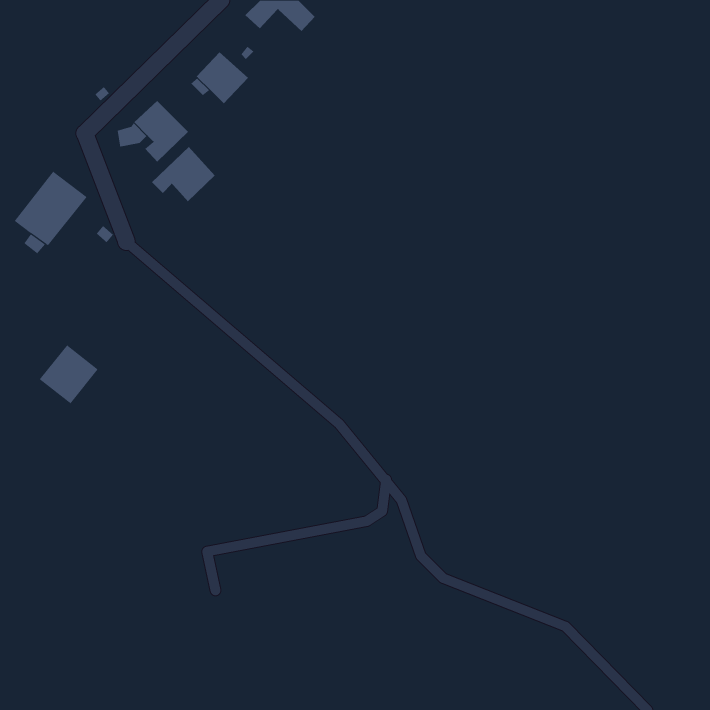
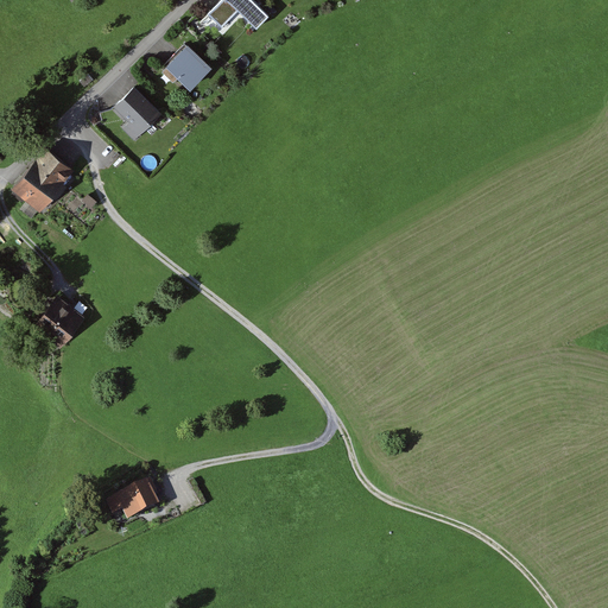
building: [151,146,215,202] -> none
building: none -> [107,481,160,522]

